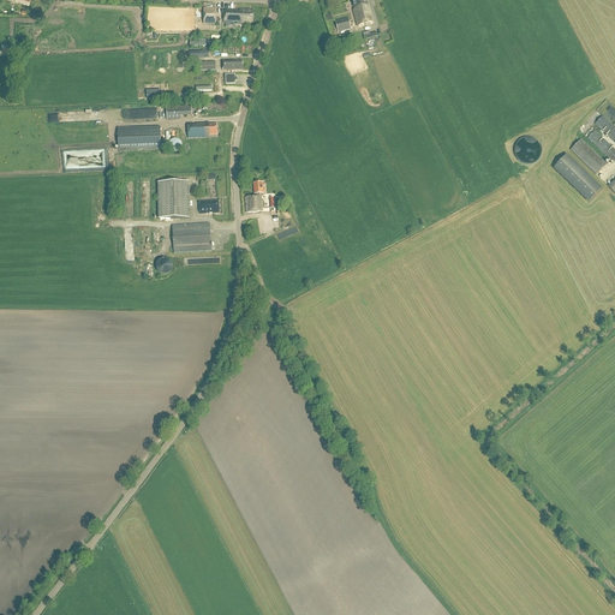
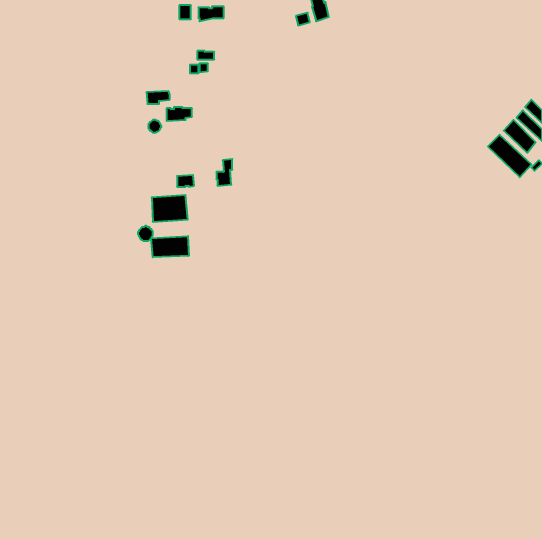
building: [119,126,162,149] -> none
building: [159,180,190,216] -> none
building: none -> [151,236,189,257]

